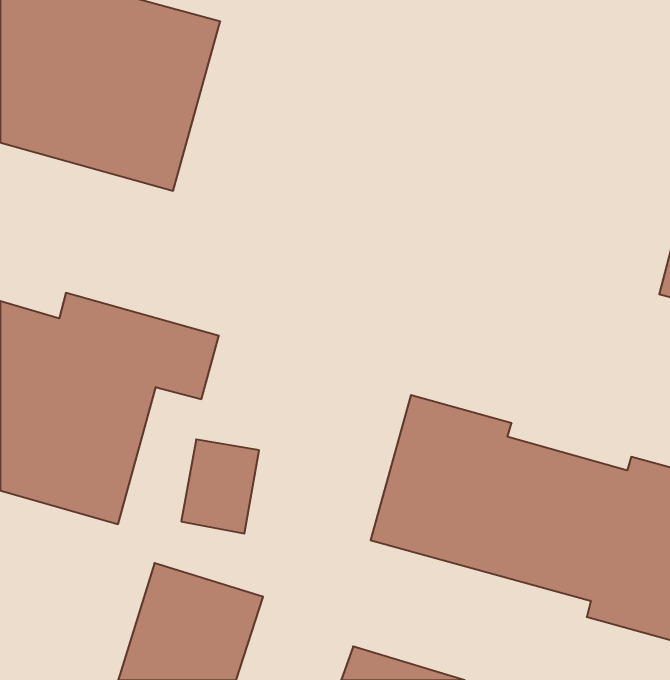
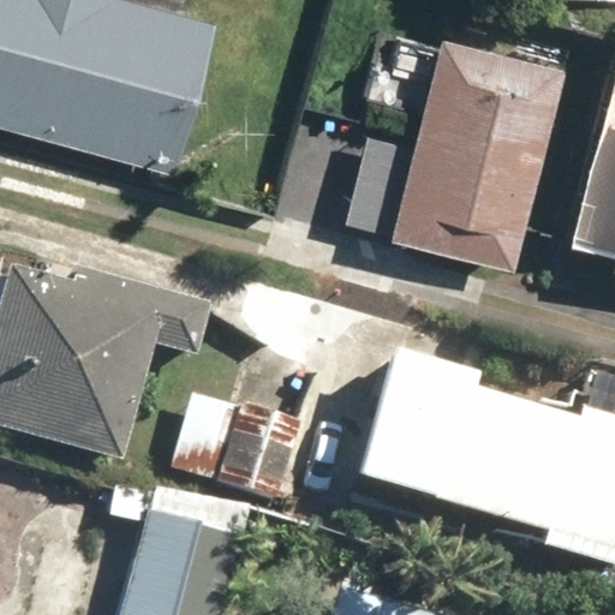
building: none -> [381,29,568,268]

